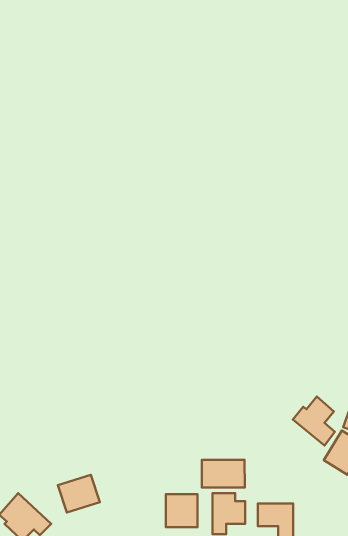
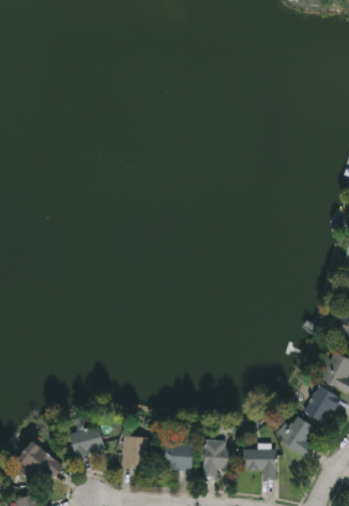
building: [293,397,335,446] -> [277,415,314,458]
building: [202,460,245,488] -> none
building: none -> [121,436,146,468]

